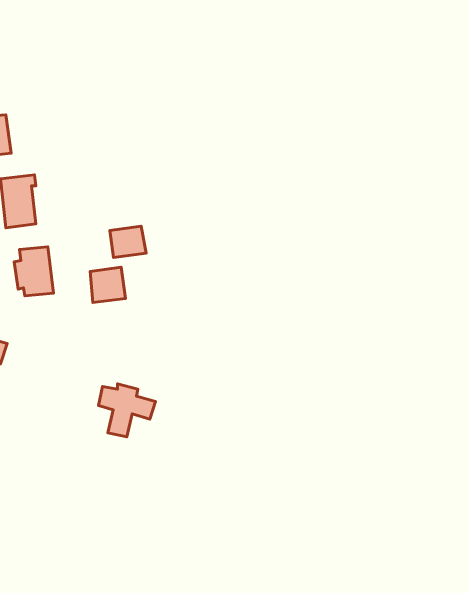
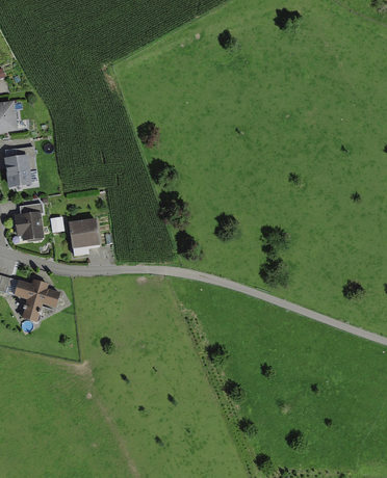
building: [110,226,146,258] -> none
building: [98,384,155,437] -> [19,278,62,319]

